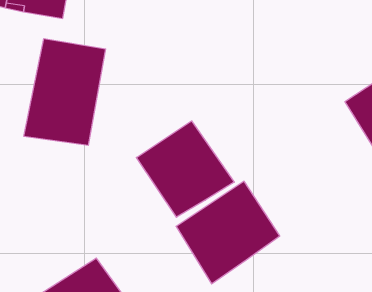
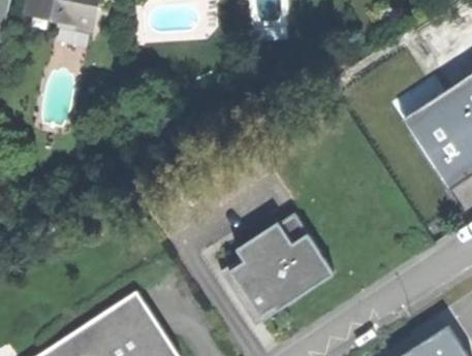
building: [24,39,106,145] -> none
building: [136,121,234,217] -> none

